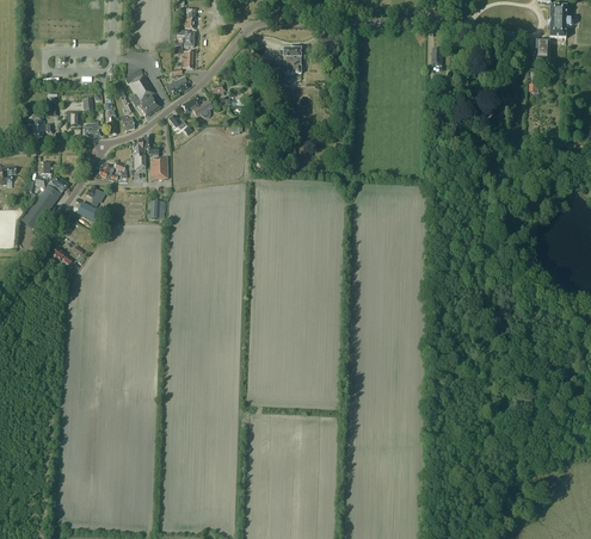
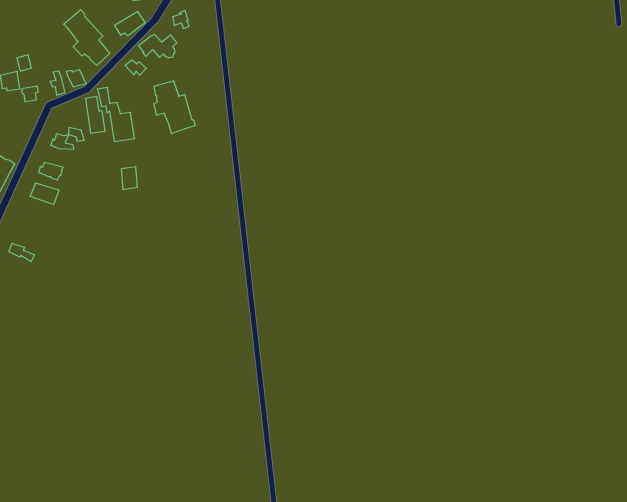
building: none -> [154,81,195,134]

